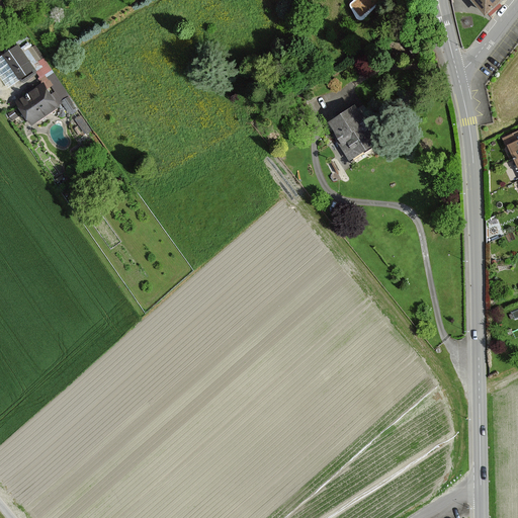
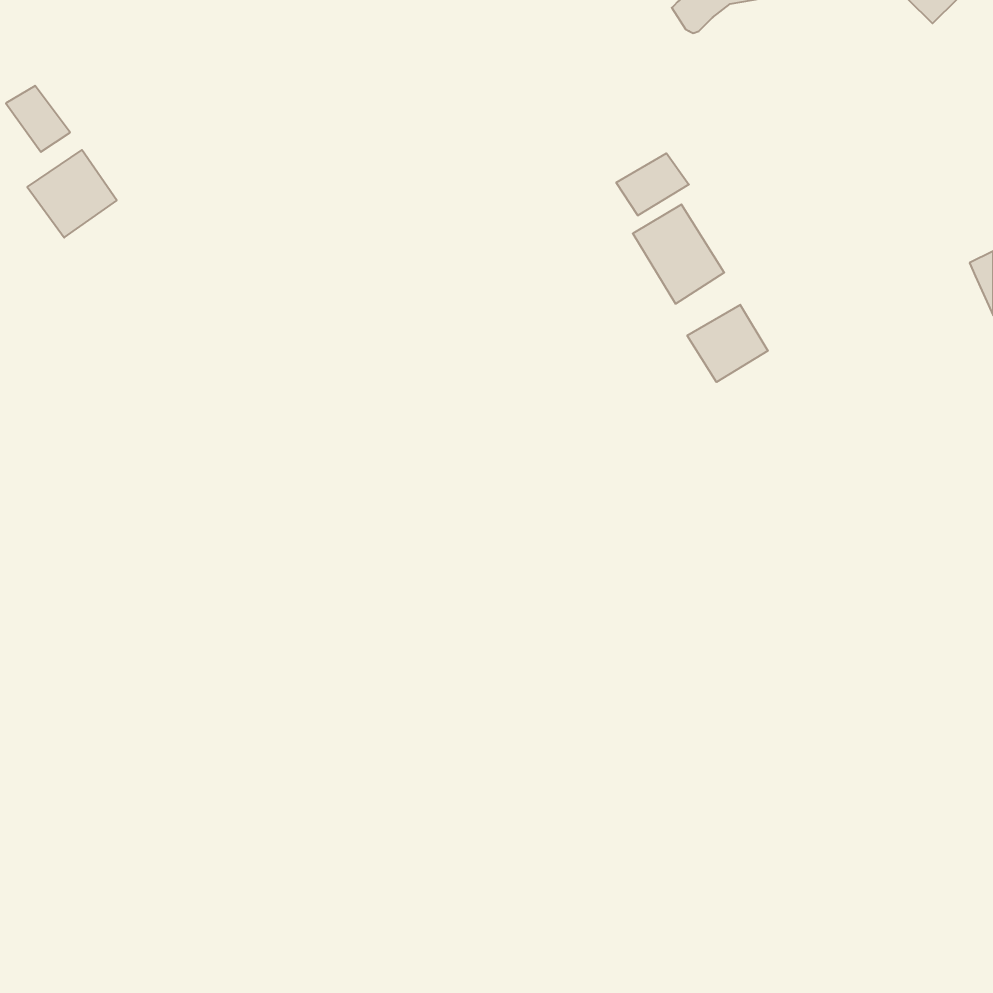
building: none -> [616,153,689,216]
building: none -> [687,305,768,382]

